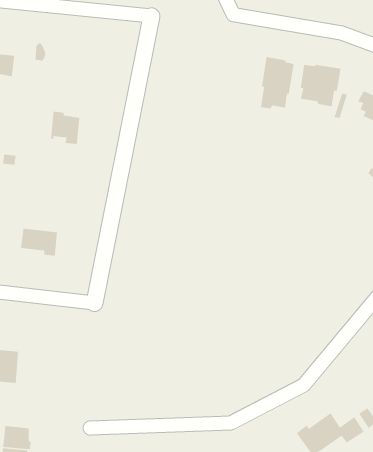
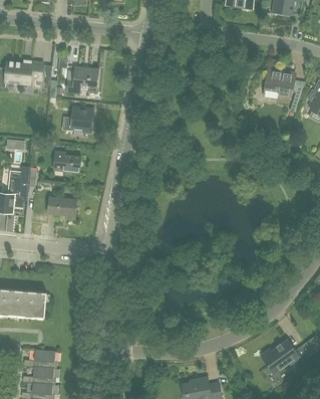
building: [260,56,294,109] -> none
building: none -> [66,65,98,92]
building: none -> [53,150,80,172]

